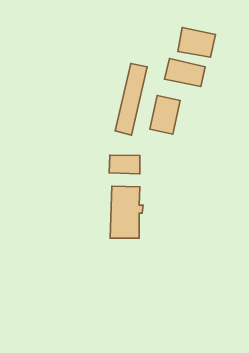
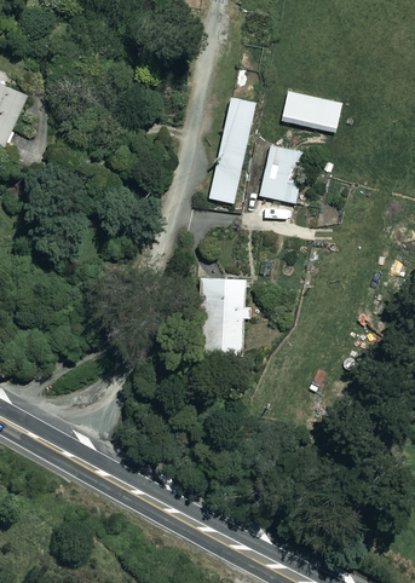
building: [178,27,215,57] -> none
building: [109,155,140,174] -> none

